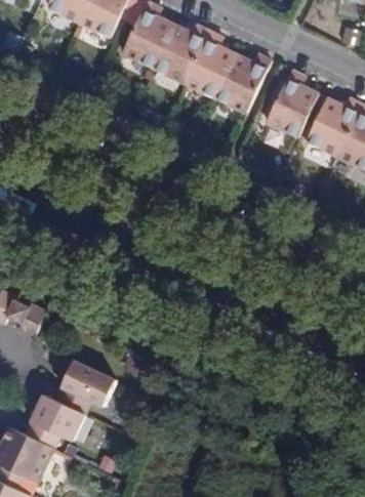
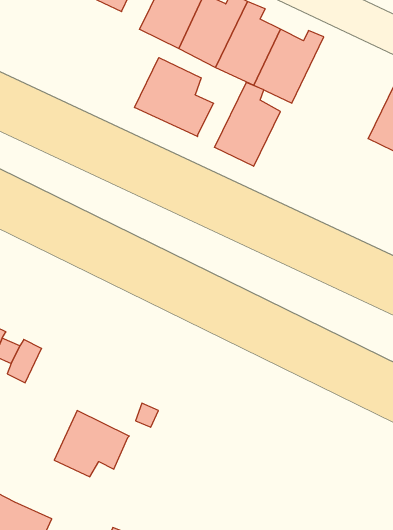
building: [267,70,320,137] -> [214,82,280,166]
building: none -> [135,58,214,137]
building: [23,395,83,448] -> none

